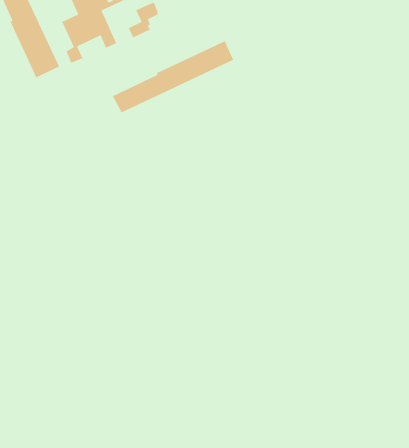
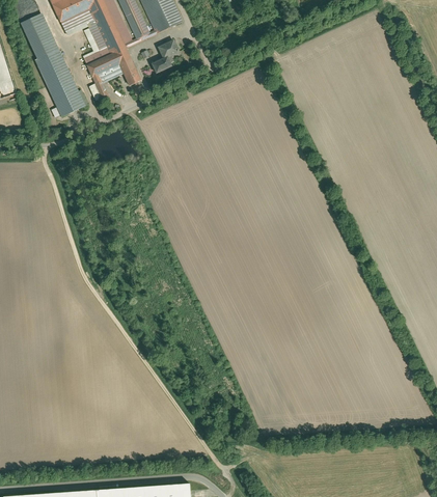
building: [112,40,234,113] -> none

